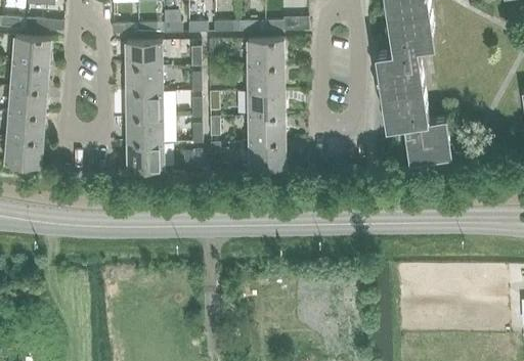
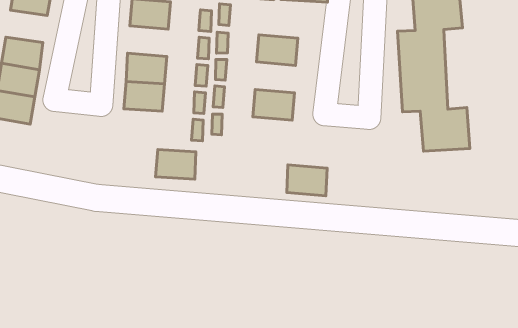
building: [247,39,283,64] -> none
building: [11,61,48,89] -> none
building: [126,66,163,92] -> none
building: [247,90,285,116] -> none
building: [248,141,286,167] -> [287,165,327,196]
building: [127,143,164,170] -> [155,150,196,179]

